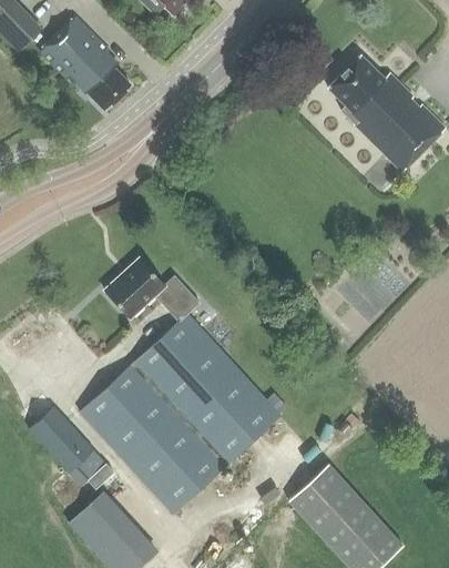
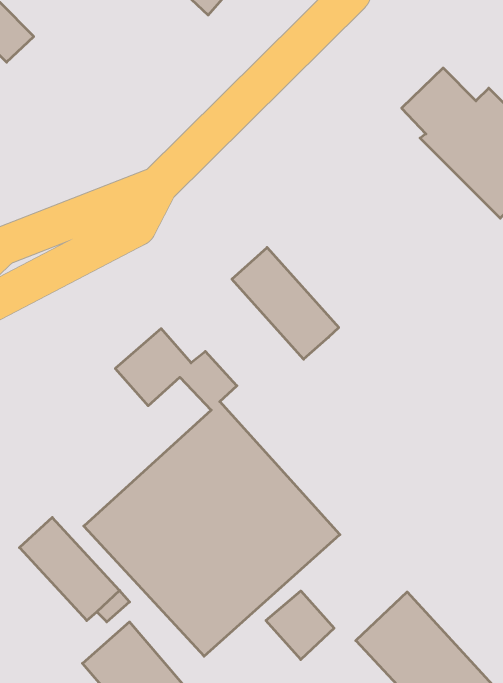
building: [42,17,133,111] -> none
building: none -> [232,247,339,359]
building: none -> [266,591,334,660]

